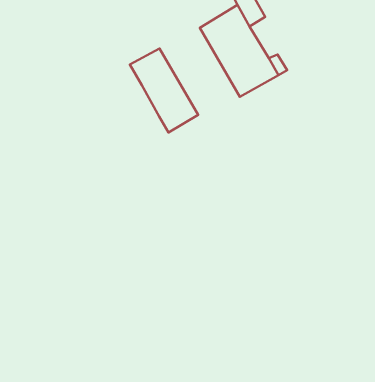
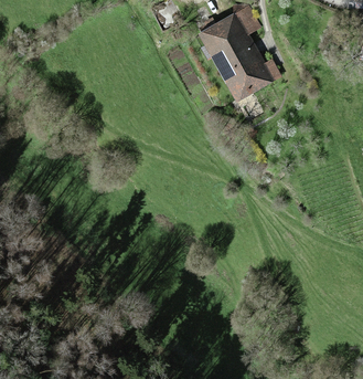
building: [130,48,198,133] -> none

